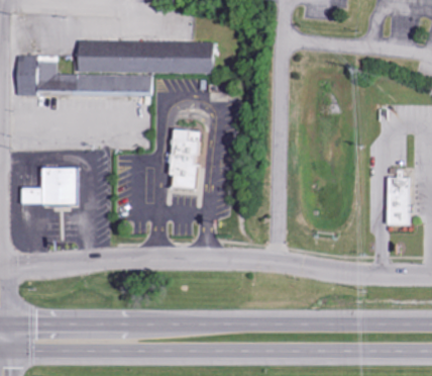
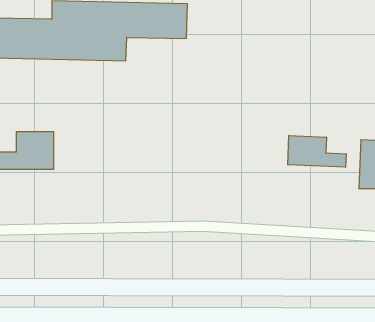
building: [171,125,198,187] -> none
building: none -> [288,135,346,167]

